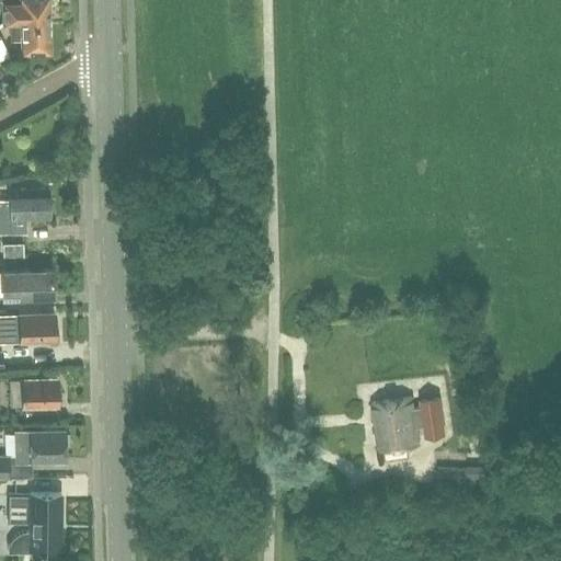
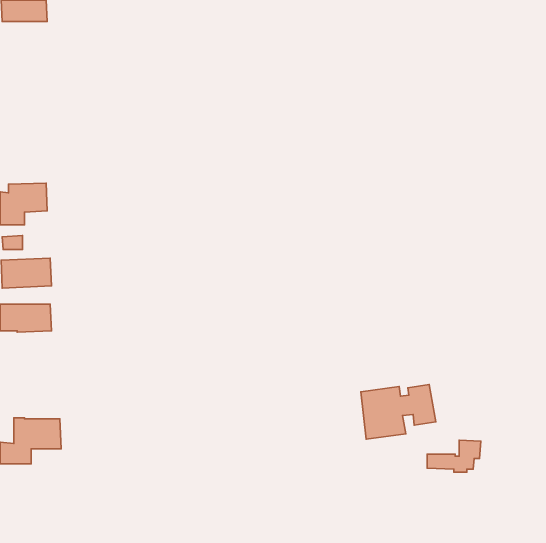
building: [21,26,50,55] -> none
building: [10,379,60,409] -> none
building: [9,495,58,554] -> none

